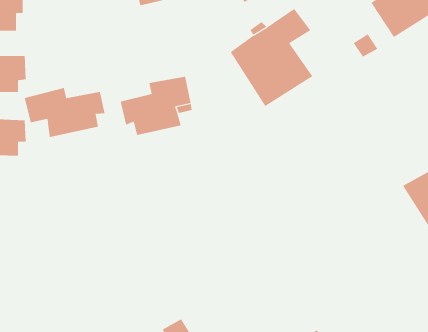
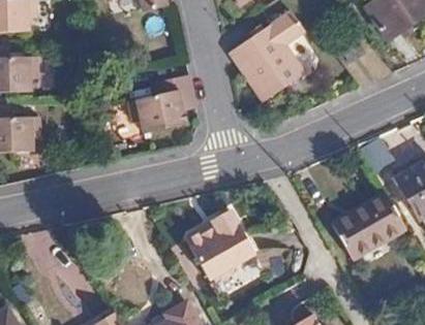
building: [24,87,105,138] -> none
building: none -> [332,195,404,259]
building: none -> [187,212,257,281]

